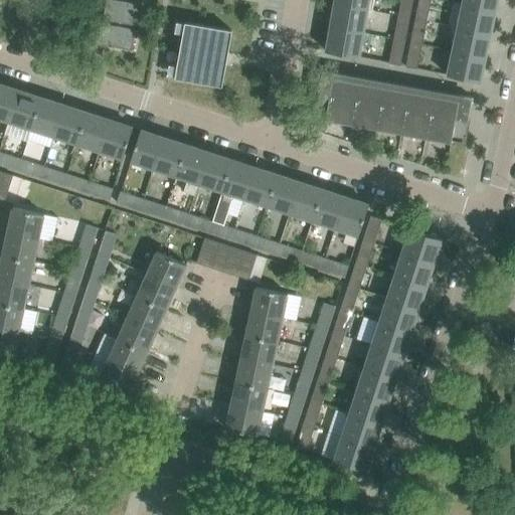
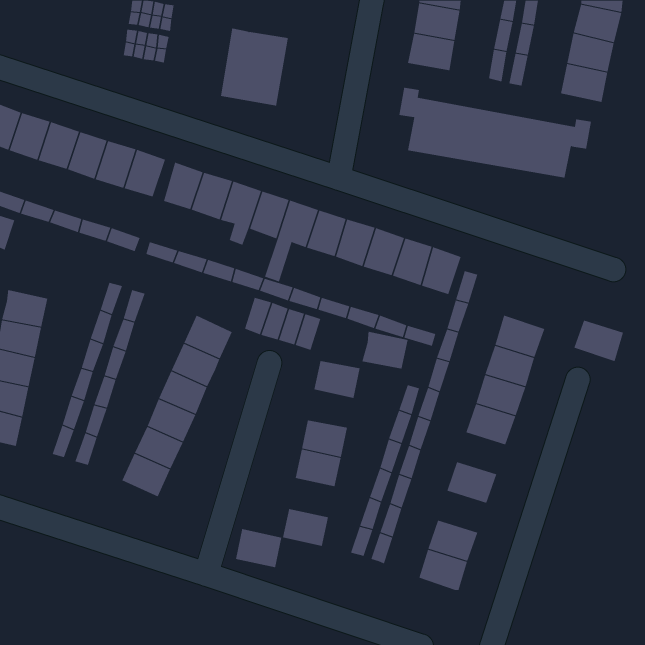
building: [6,208,43,238] -> none
building: [400,229,441,263] -> [573,320,624,362]
building: [244,311,282,341] -> [362,331,408,369]
building: [363,345,402,378] -> none
building: [229,381,267,412] -> [235,529,282,568]
building: [348,391,387,424] -> none

